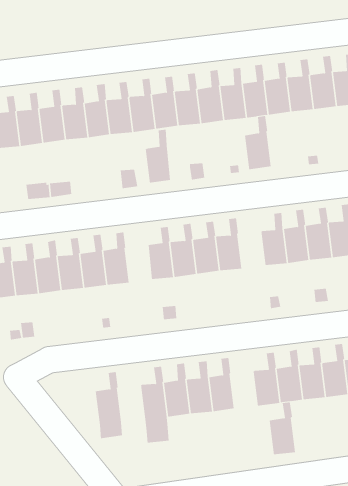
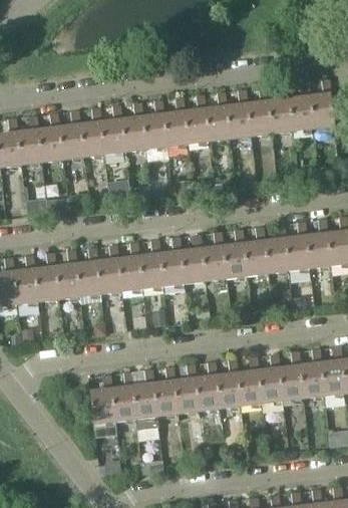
building: [244,116,271,170] -> [223,228,248,278]
building: [145,129,171,183] -> [118,241,142,291]
building: none -> [111,370,136,421]
building: [269,402,296,455] -> [216,358,241,408]

